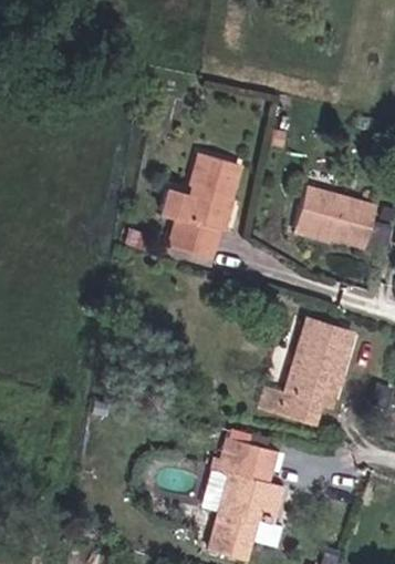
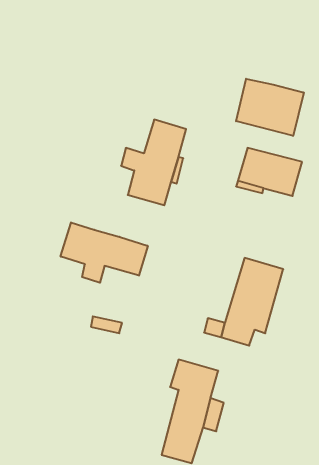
building: none -> [236,79,304,136]
building: none -> [61,222,148,283]

